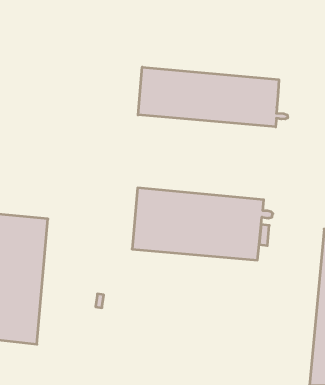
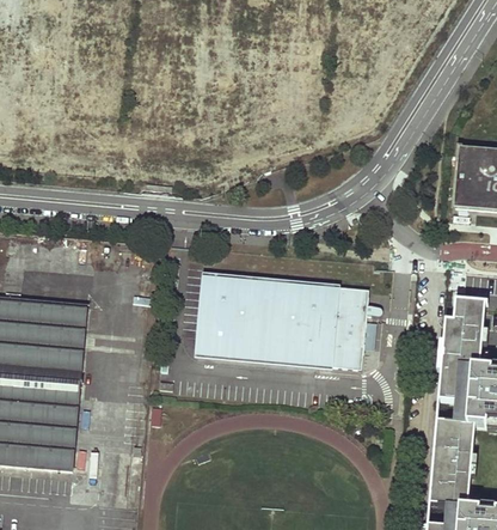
building: [138,67,288,127] -> none

